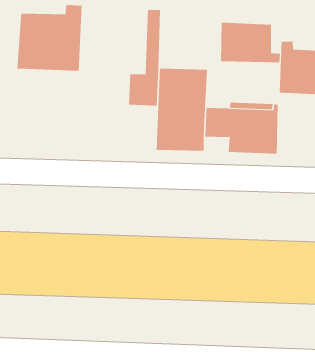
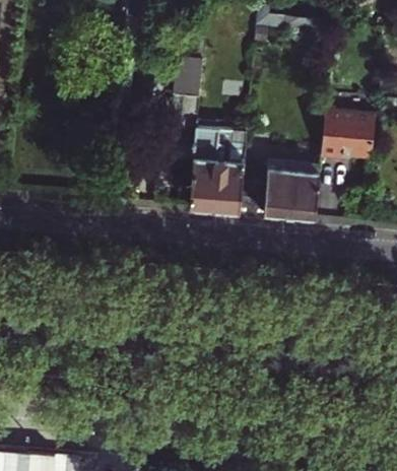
building: [17,4,82,72] -> none
building: [220,22,280,63] -> none

